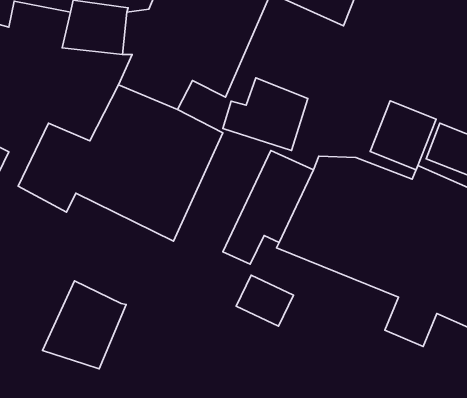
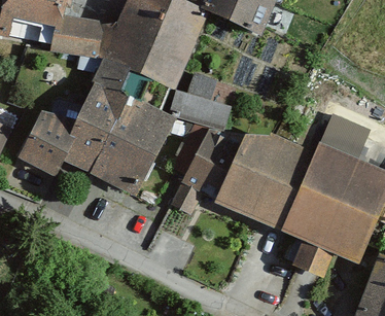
building: [370,101,436,170] -> none
building: [236,275,294,326] -> none
building: [42,281,126,369] -> none

